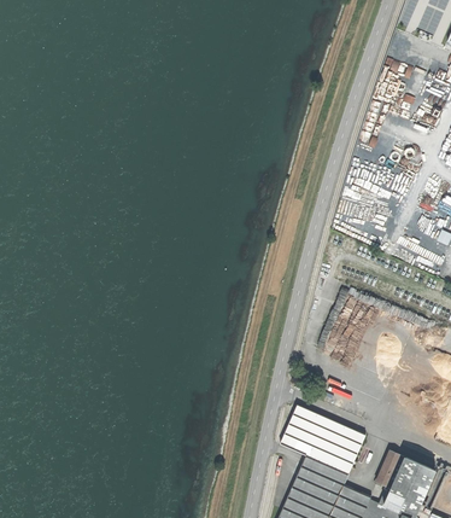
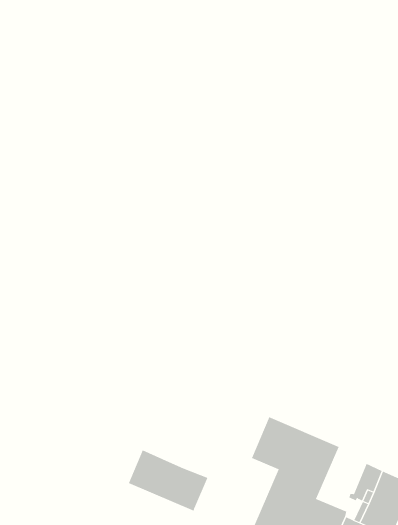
building: none -> [128,450,208,511]

